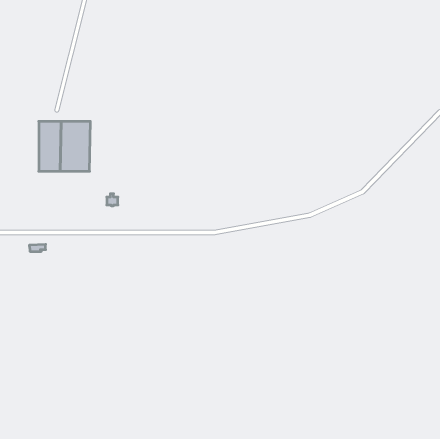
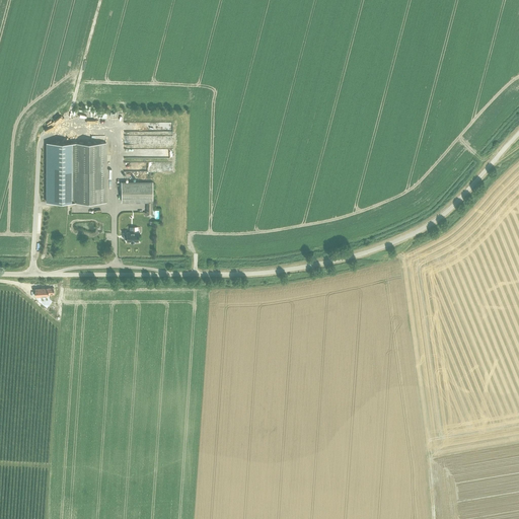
building: none -> [122,182,152,203]

